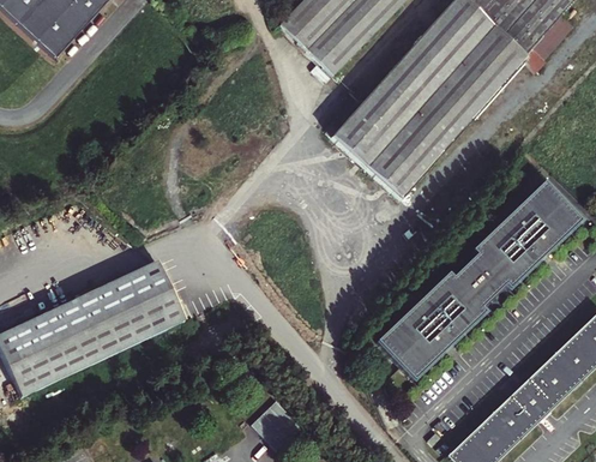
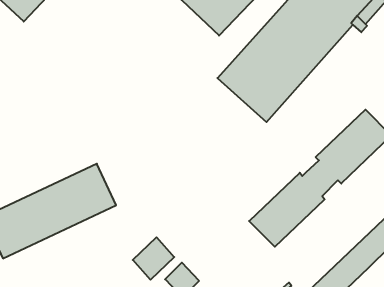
building: none -> [133,237,174,280]

